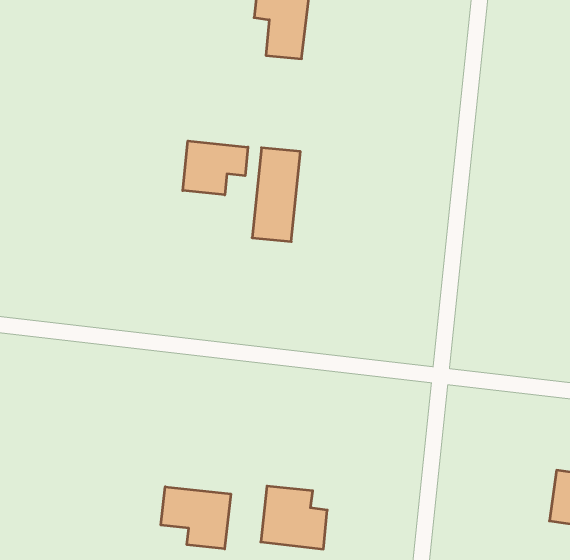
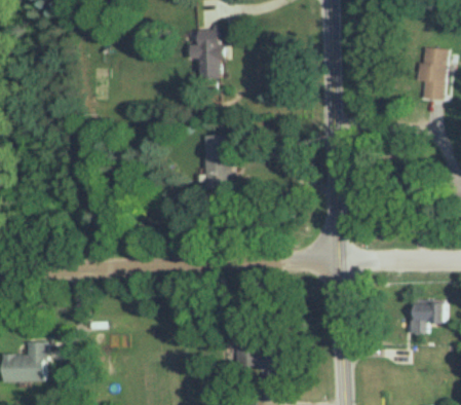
building: [183,141,248,195] -> none
building: [161,487,231,549] -> none

